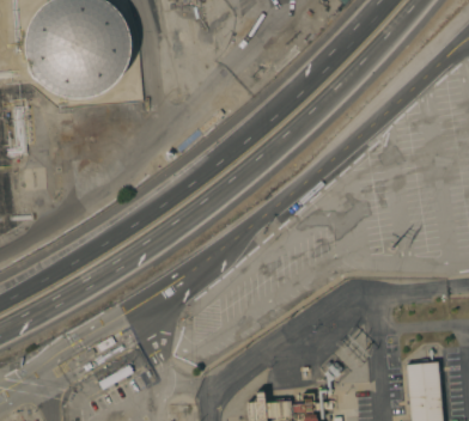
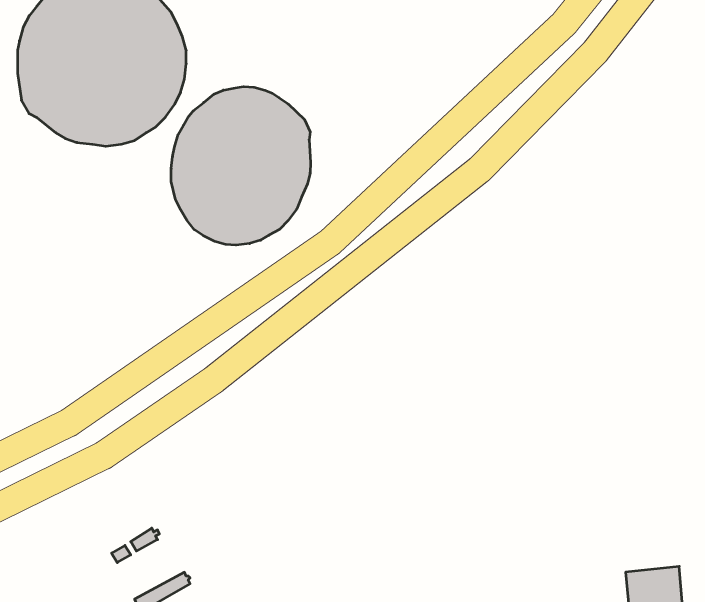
building: none -> [171,87,311,245]

